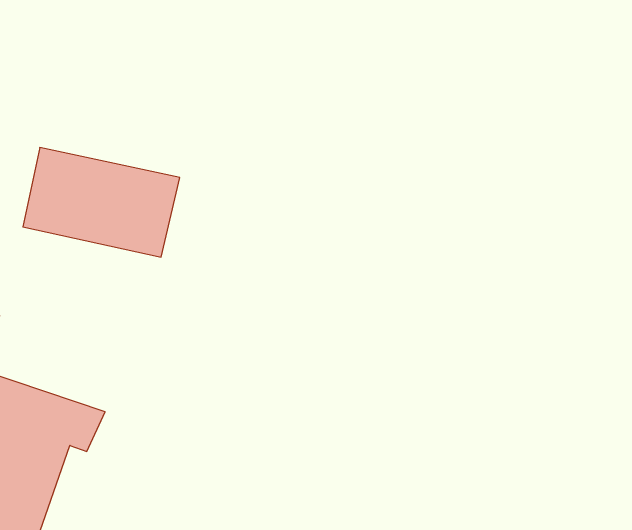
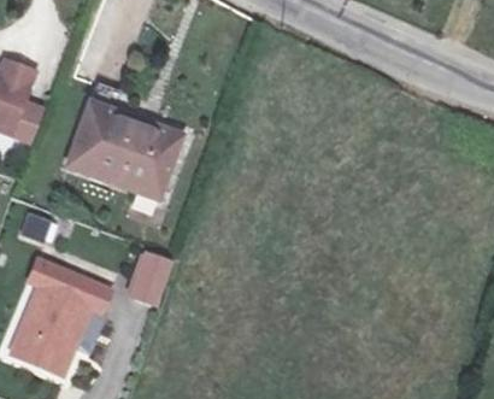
building: none -> [128,252,176,306]

